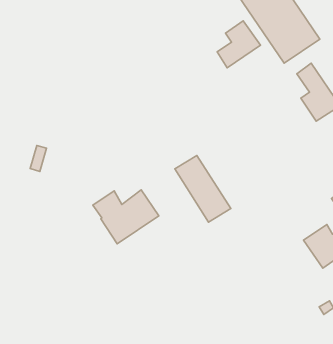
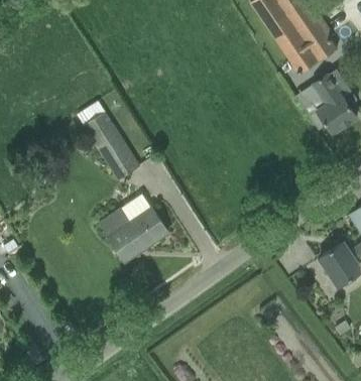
building: [217,21,260,68] -> none
building: [175,155,231,222] -> [83,112,141,181]

